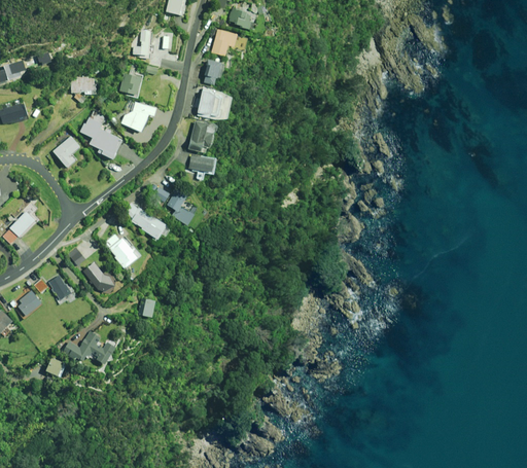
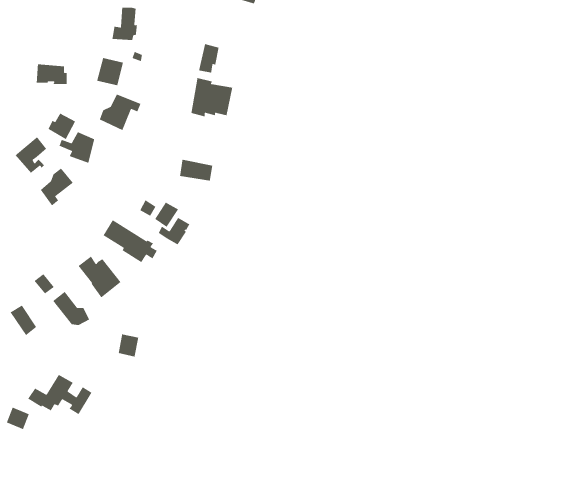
building: [211,29,237,56] -> none
building: [188,121,213,151] -> none
building: none -> [40,168,74,206]

